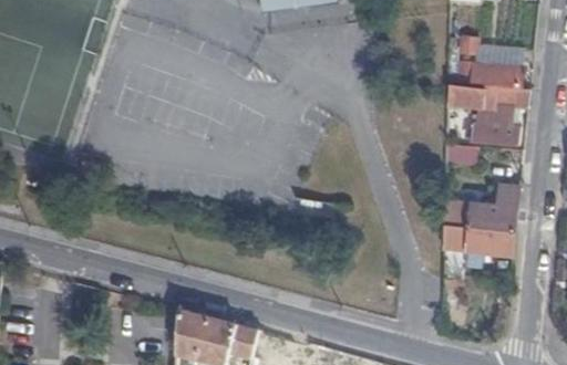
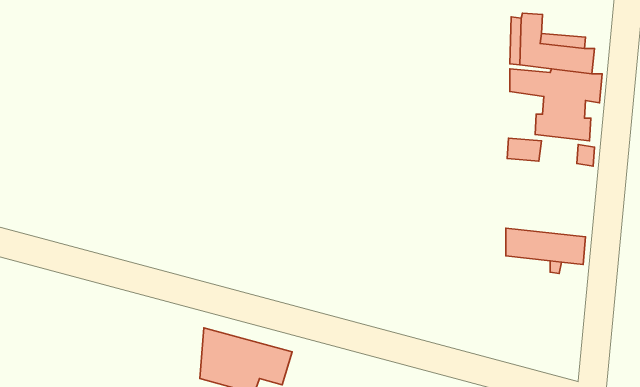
building: [444,185,518,231] -> none

